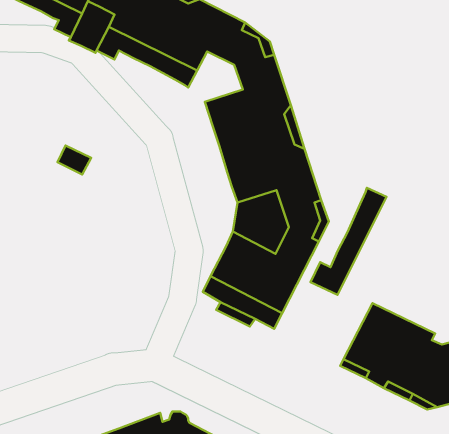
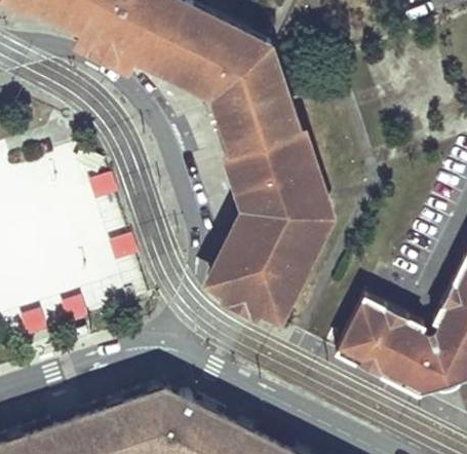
building: none -> [200,65,250,111]
building: [310,188,386,295] -> none

